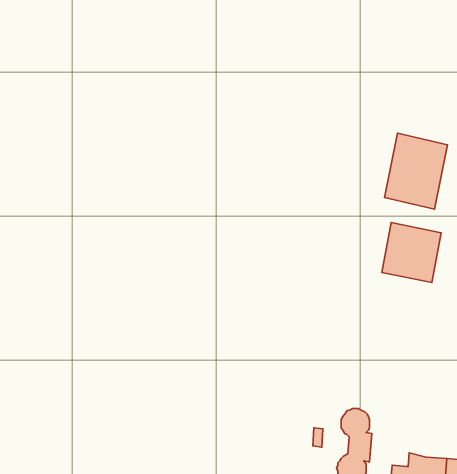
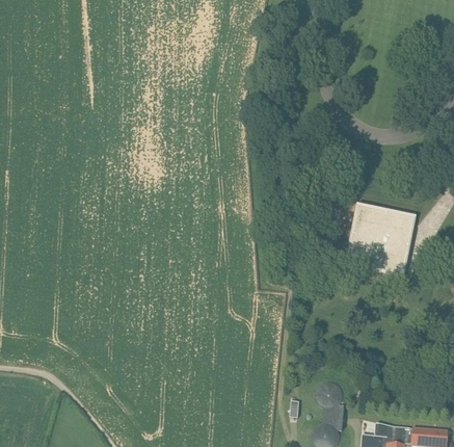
building: [384,133,448,209] -> none

